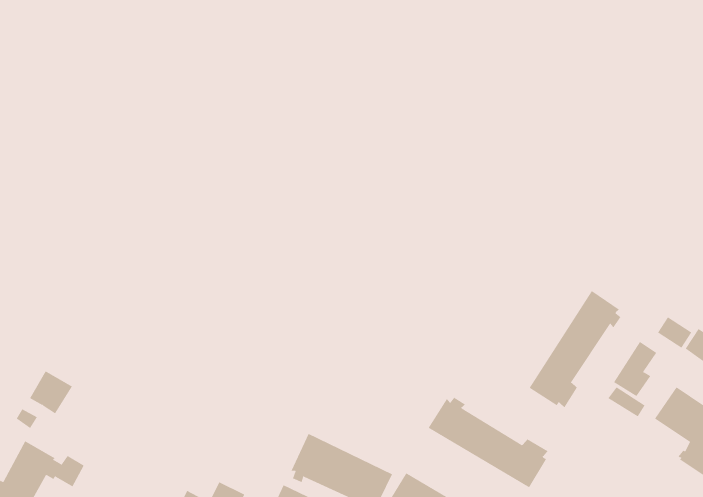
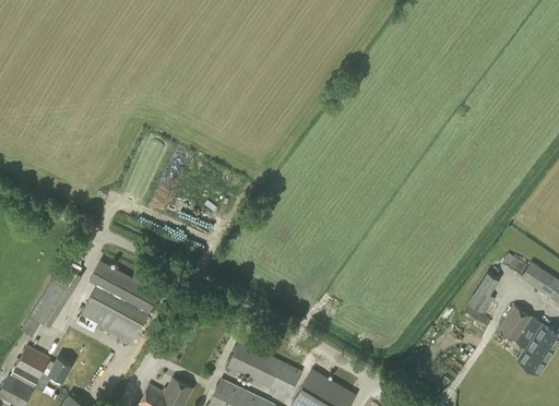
building: [529,290,621,408] -> none
building: none -> [76,259,158,343]
building: [428,397,549,488] -> none

